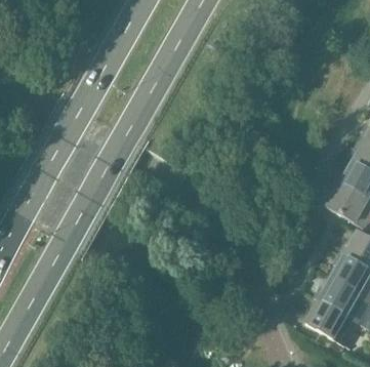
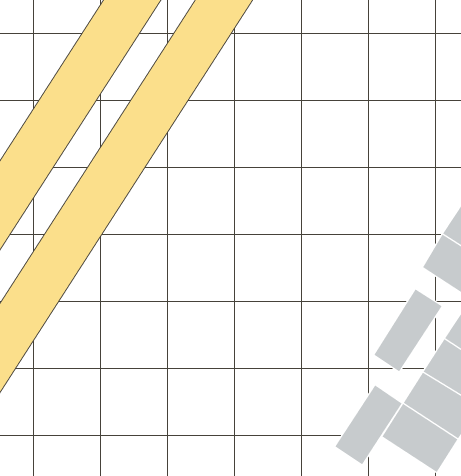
building: none -> [374,288,443,372]
building: none -> [335,385,403,465]

